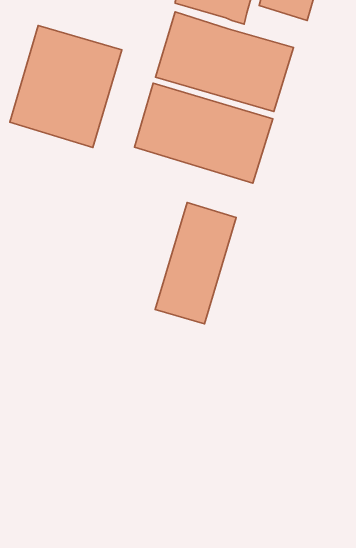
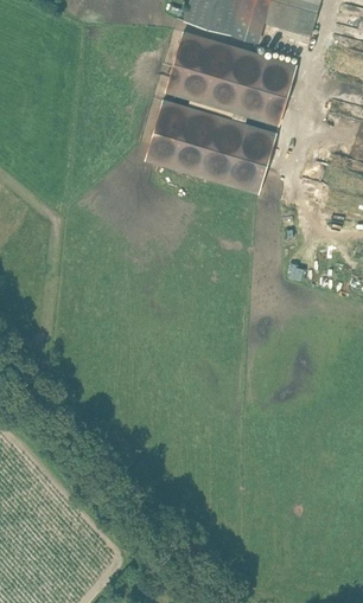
building: [10,25,122,148] -> none
building: [155,202,236,324] -> none

